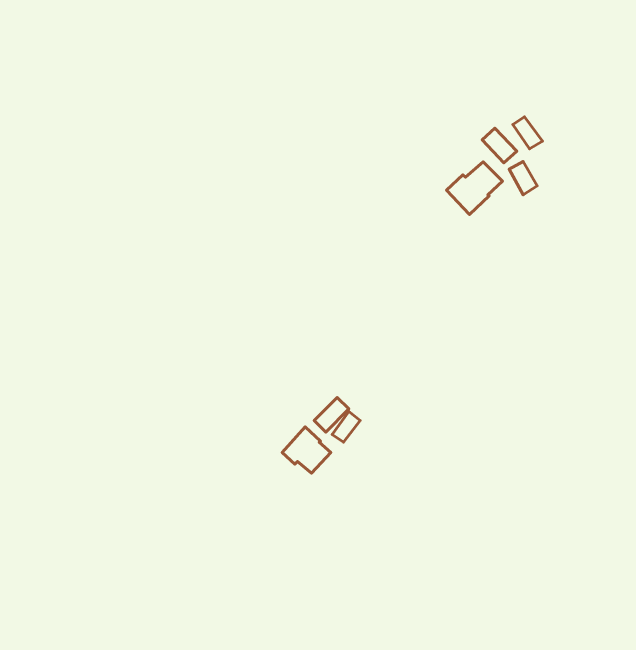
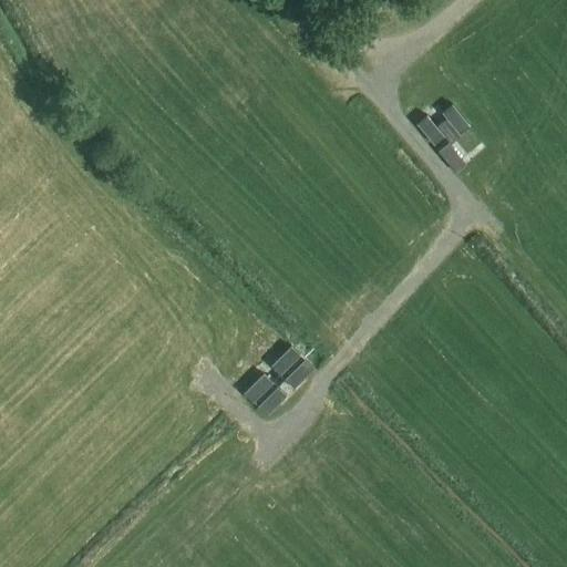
building: [447,162,503,215] -> none

